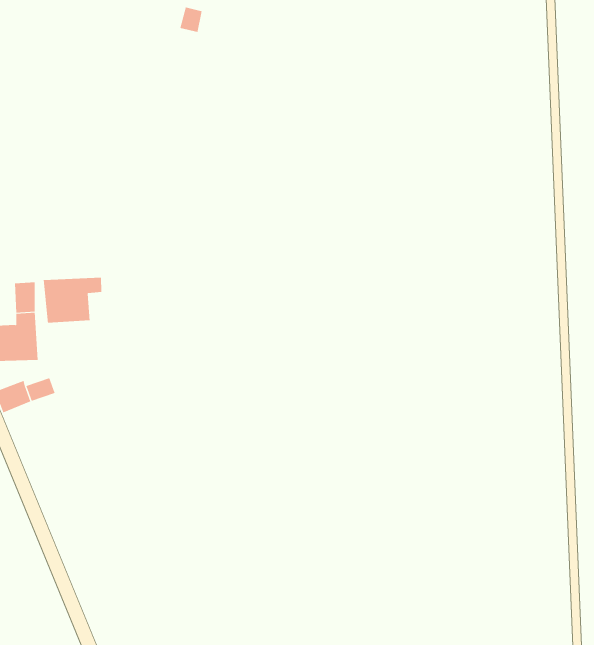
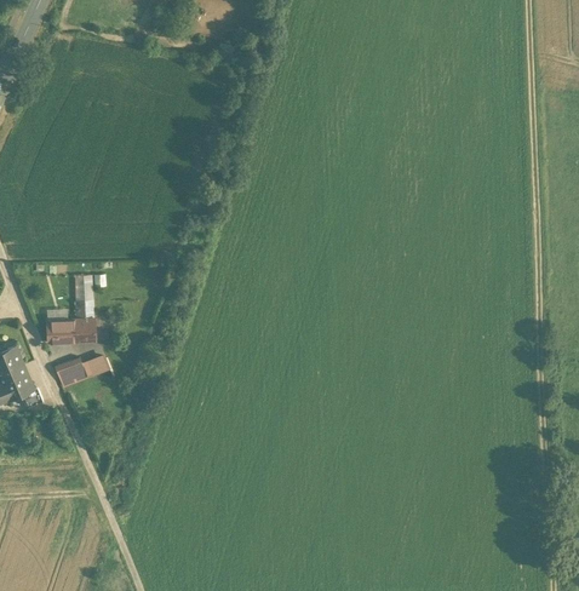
building: [43,277,102,323] -> none

